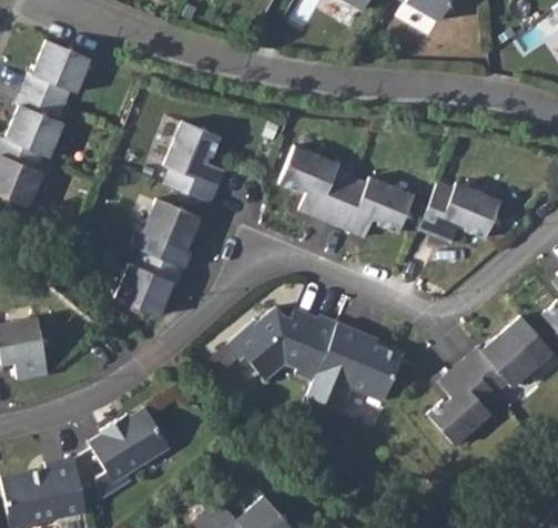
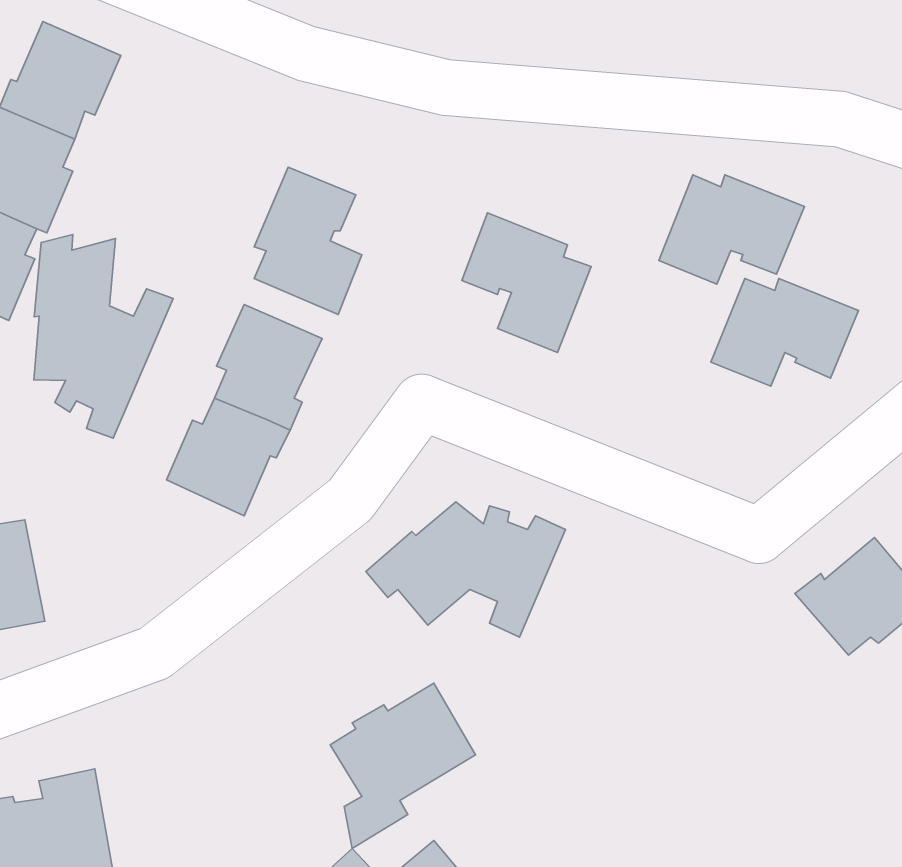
building: none -> [34,235,173,438]
building: [333,176,414,237] -> [659,175,805,284]
building: [307,323,402,409] -> none
building: [427,358,499,445] -> none
building: [89,408,170,500] -> [330,683,476,848]

